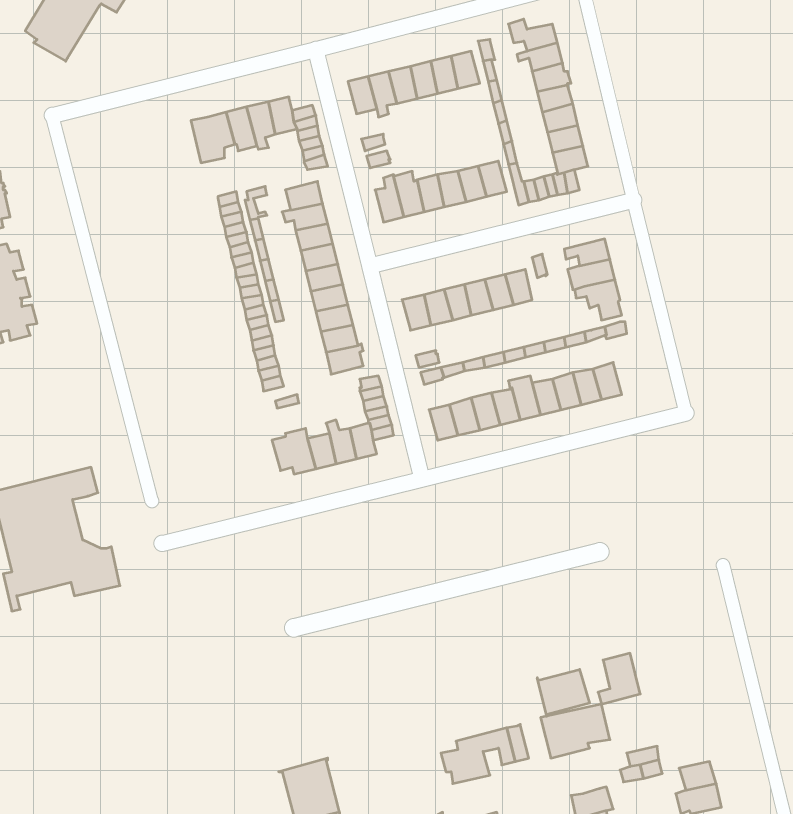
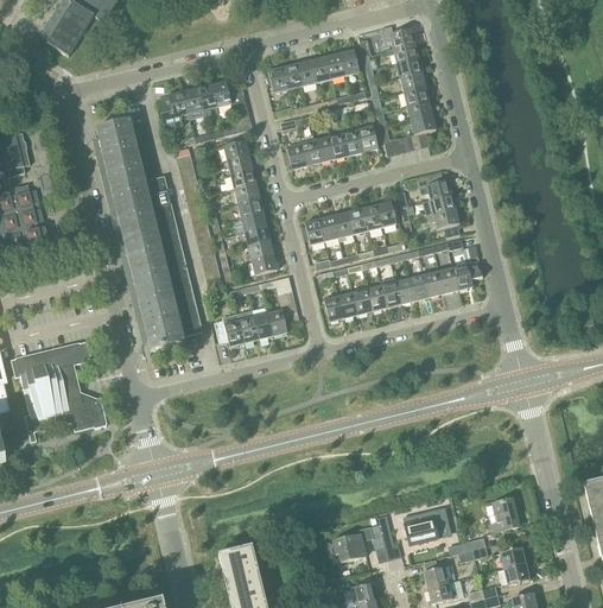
building: none -> [95,118,202,349]
building: none -> [452,260,482,289]
building: [598,653,640,704] -> [488,496,518,532]
building: [537,669,590,716] -> none

